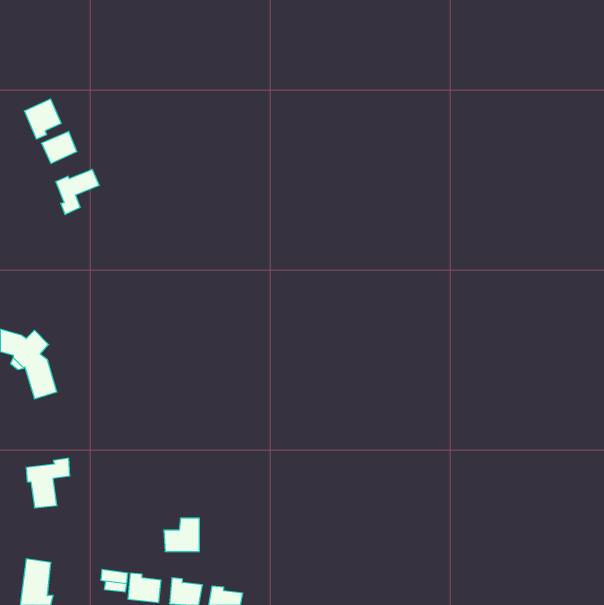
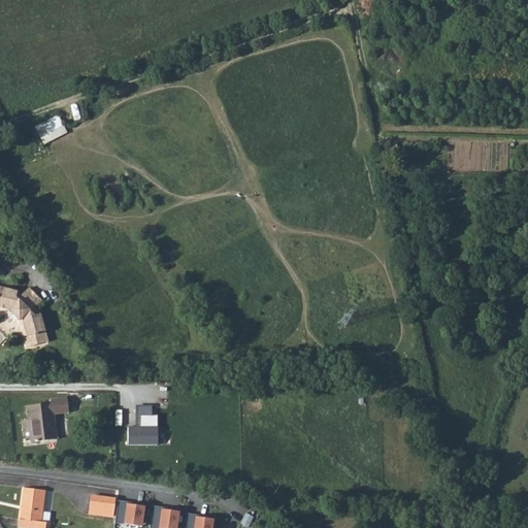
building: [24,99,61,139] -> none
building: [56,169,99,215] -> none
building: [164,518,199,551] -> [128,416,159,444]

